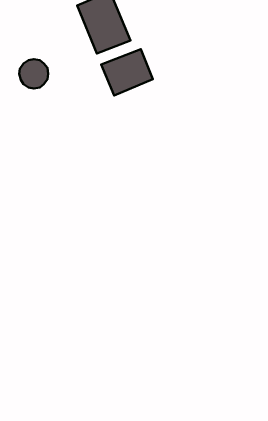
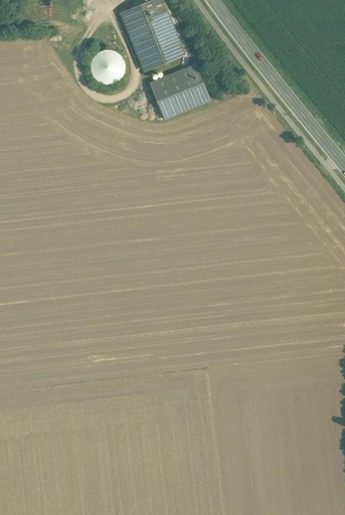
building: [19,59,48,89] -> [90,49,124,83]

